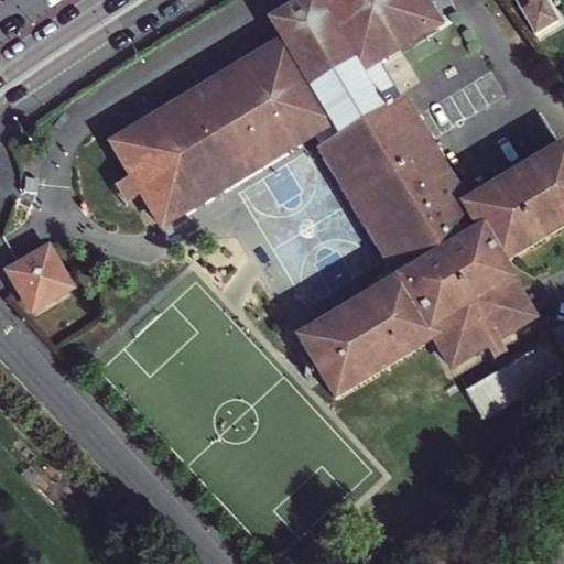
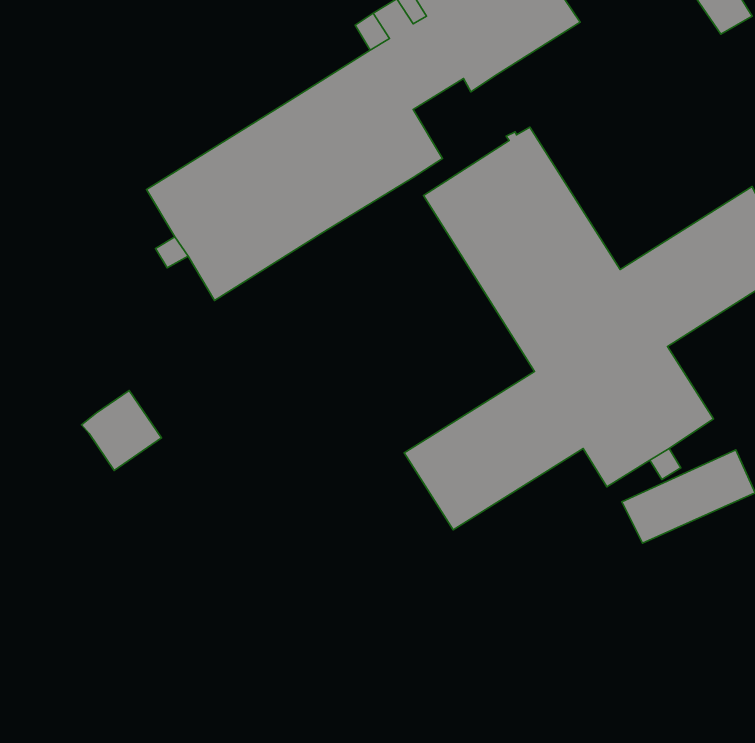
building: [308,55,395,145] -> none
building: [14,247,74,306] -> [82,391,162,471]

